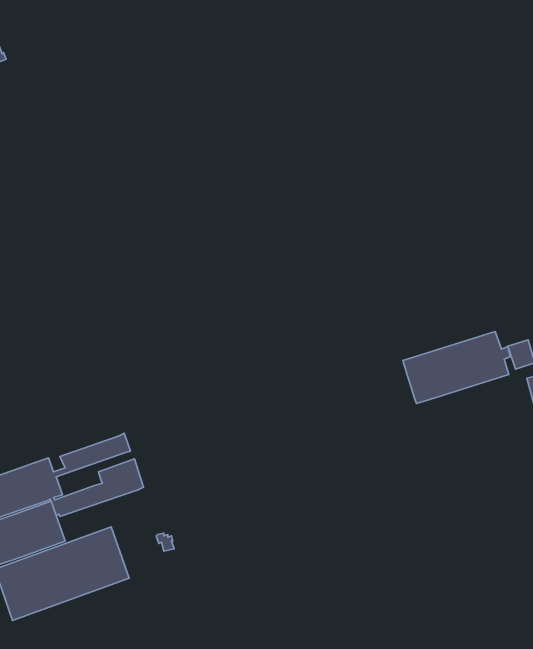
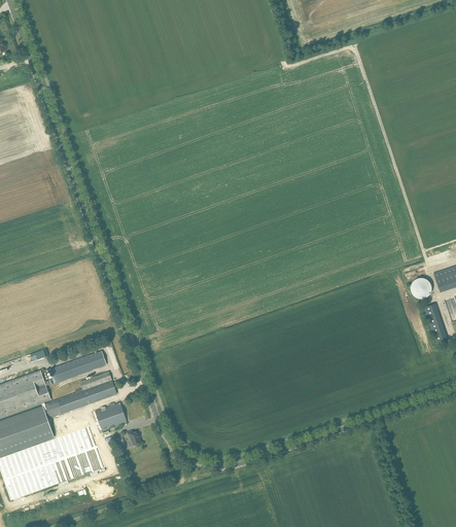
building: [403,332,510,403] -> none
building: none -> [89,401,127,432]

